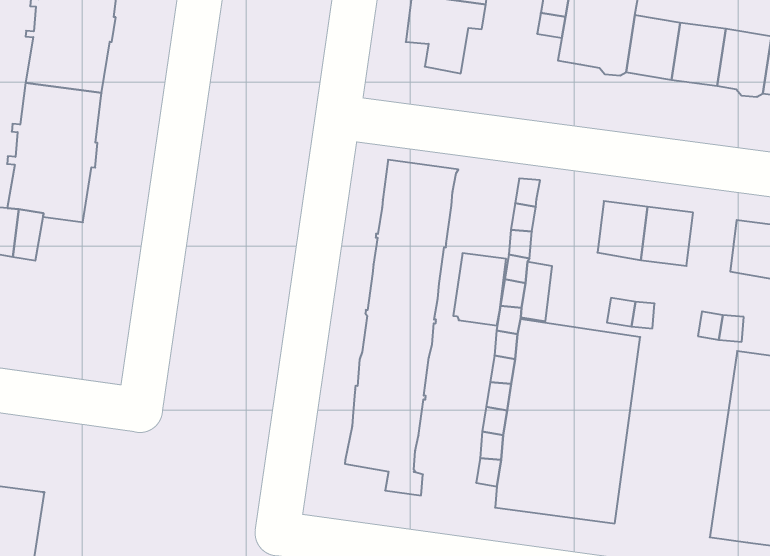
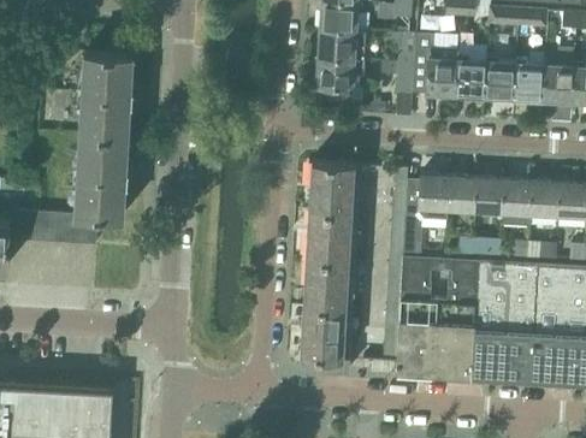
building: none -> [503,179,533,226]
building: [453,253,506,325] -> [419,176,449,219]
building: none -> [473,260,540,381]

